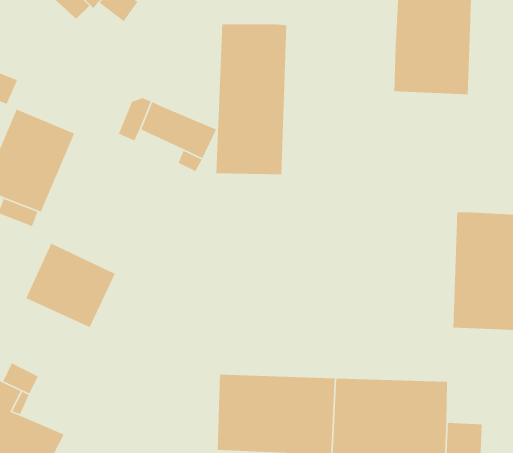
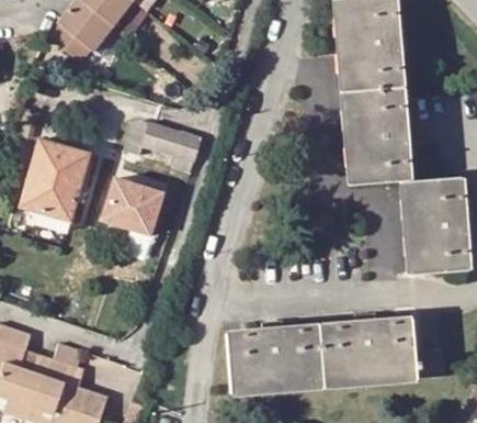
building: [215,23,287,175] -> none
building: none -> [341,87,410,185]
building: [25,243,116,328] -> [95,171,166,236]

